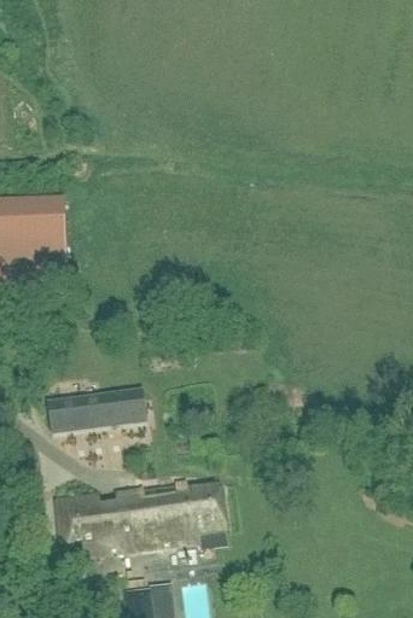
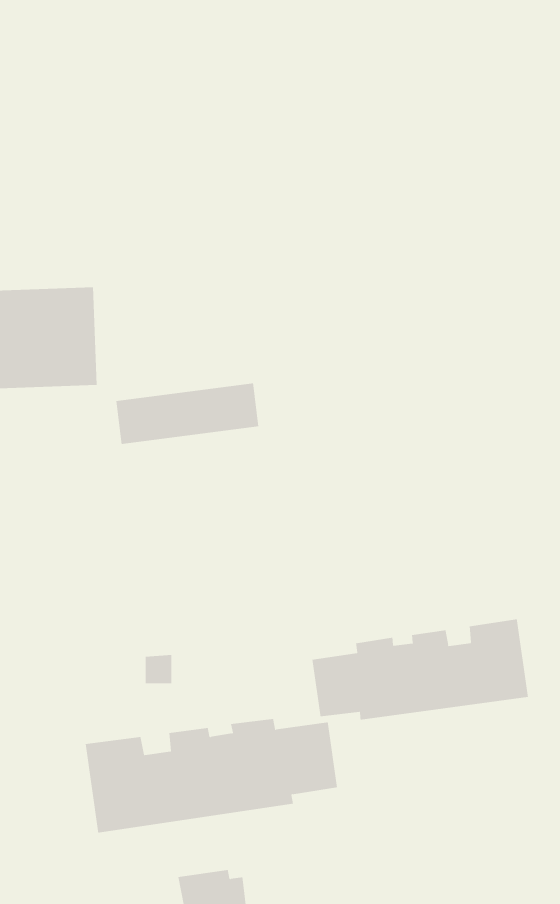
building: [47,389,142,430] -> [115,383,259,445]
building: none -> [312,618,528,721]

